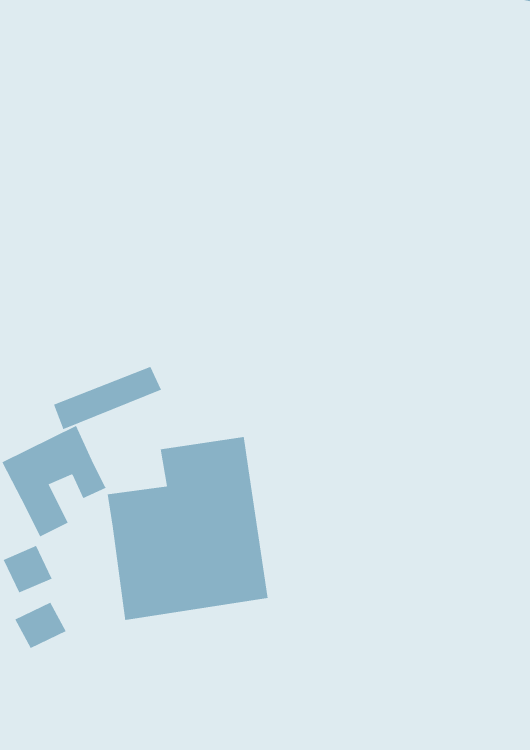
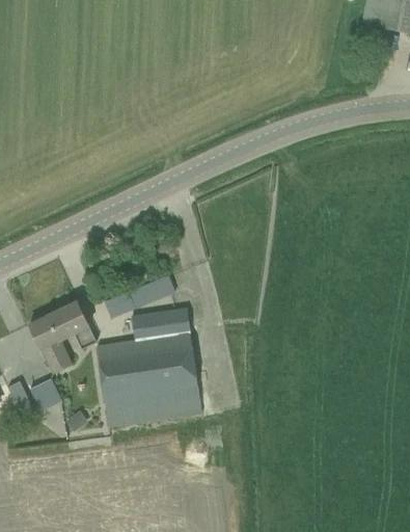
building: [53,366,162,430] -> [104,275,174,317]
building: [15,602,66,649] -> none

